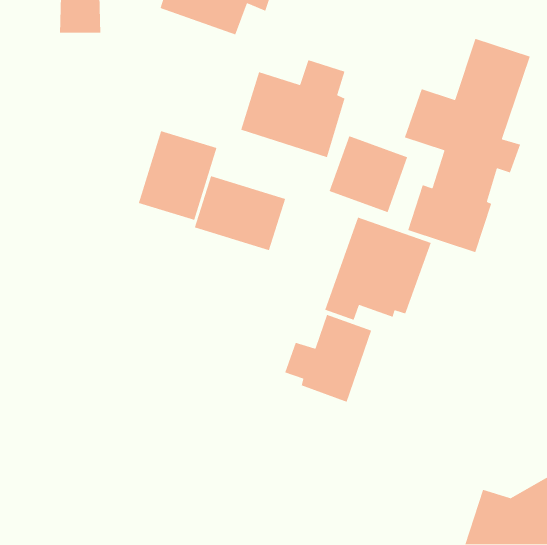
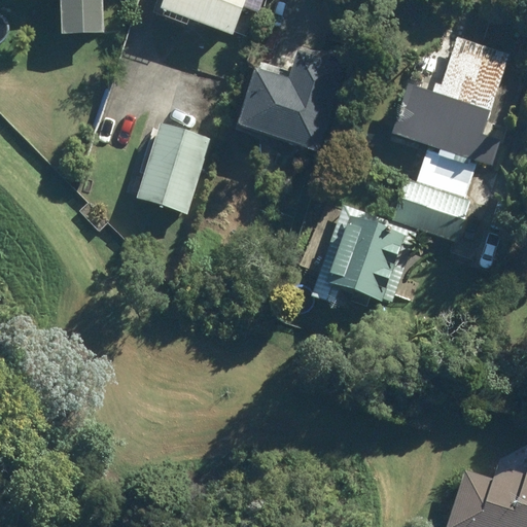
building: [329,135,408,213] -> none
building: [194,175,286,251] -> none
building: [284,314,372,403] -> none

